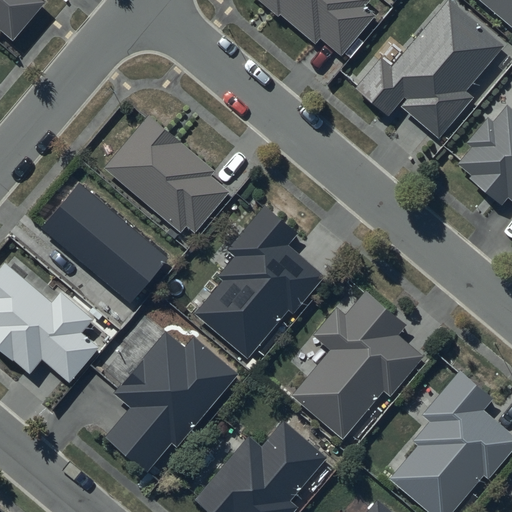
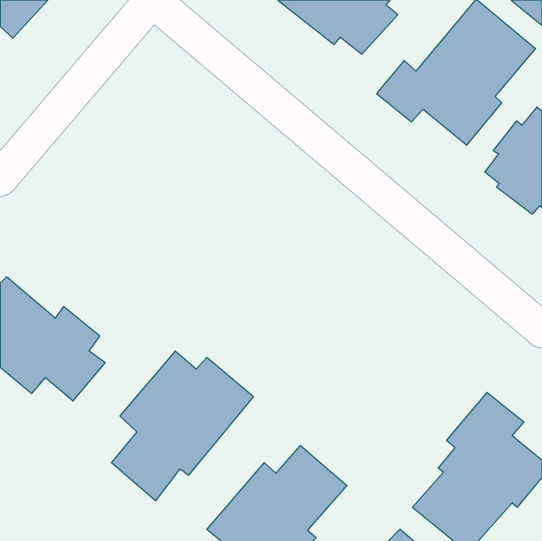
building: [104,116,229,234] -> none
building: [43,182,167,298] -> none
building: [195,206,325,358] -> none
building: [293,289,423,435] -> none

